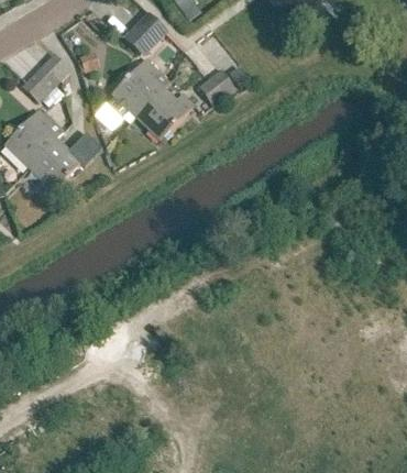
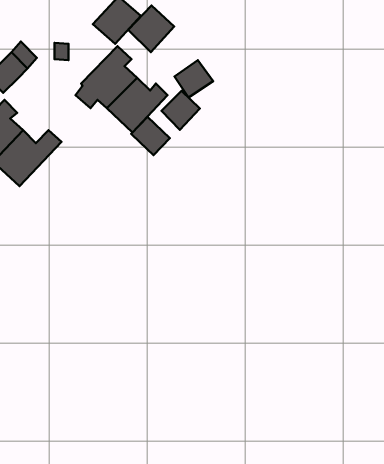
building: none -> [128,5,174,52]
building: none -> [161,91,200,130]
building: none -> [131,117,170,155]

